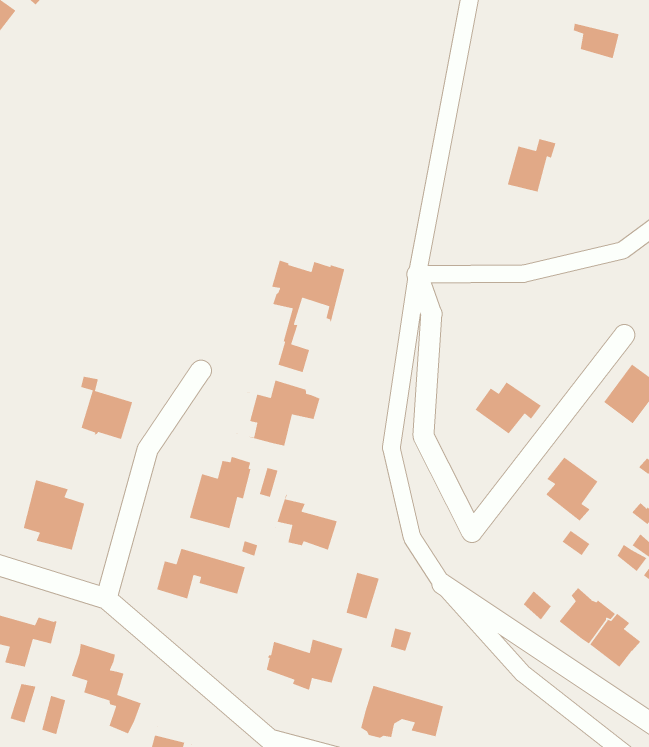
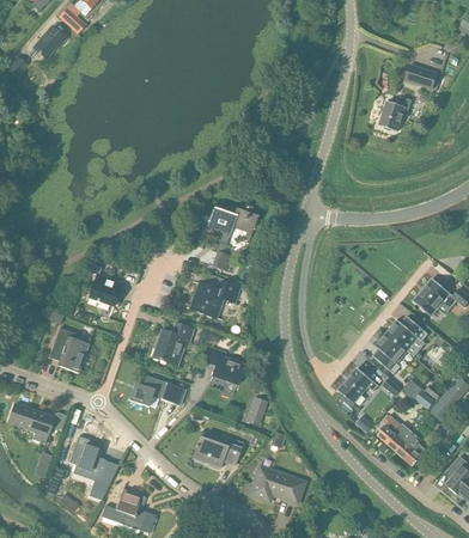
building: [507,138,556,192] -> [378,97,410,130]
building: [474,381,542,435] -> [386,316,428,349]
building: none -> [337,367,378,403]

